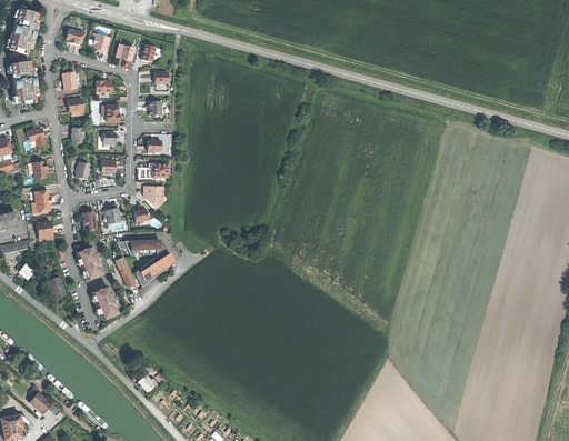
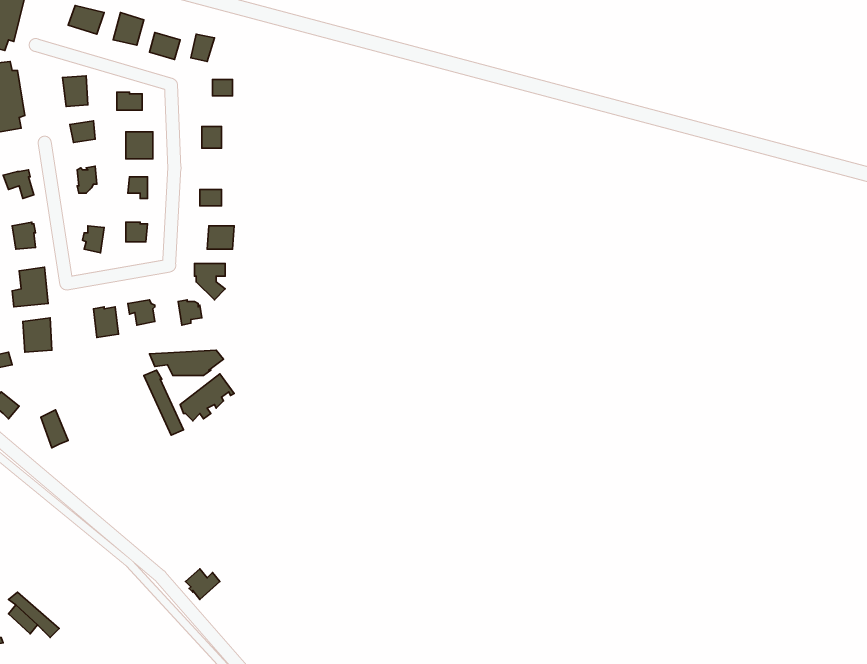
building: [76,245,101,280] -> none
building: [91,285,118,320] -> none

